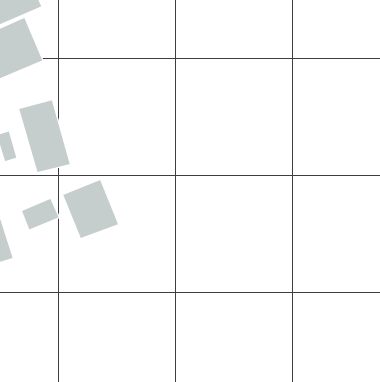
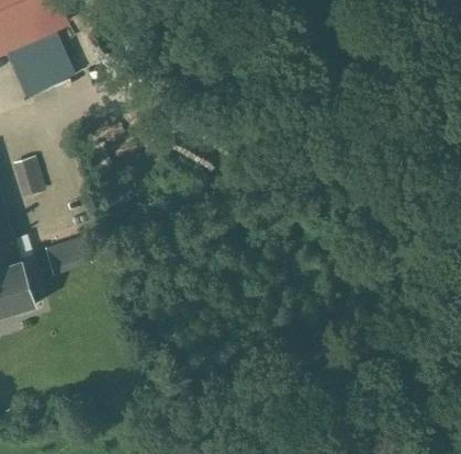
building: [19,99,71,173] -> none
building: [62,179,119,239] -> none

